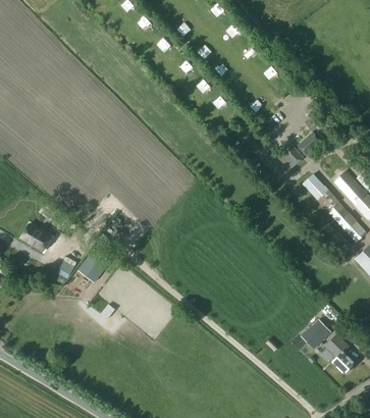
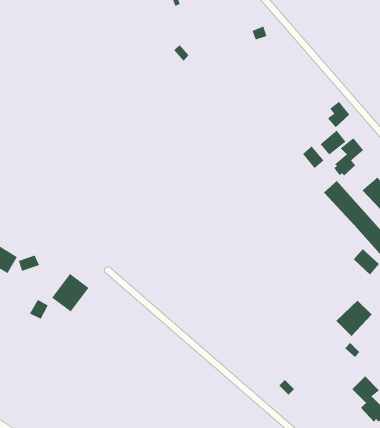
building: none -> [334,137,364,176]
building: [301,319,331,350] -> [335,300,372,337]

